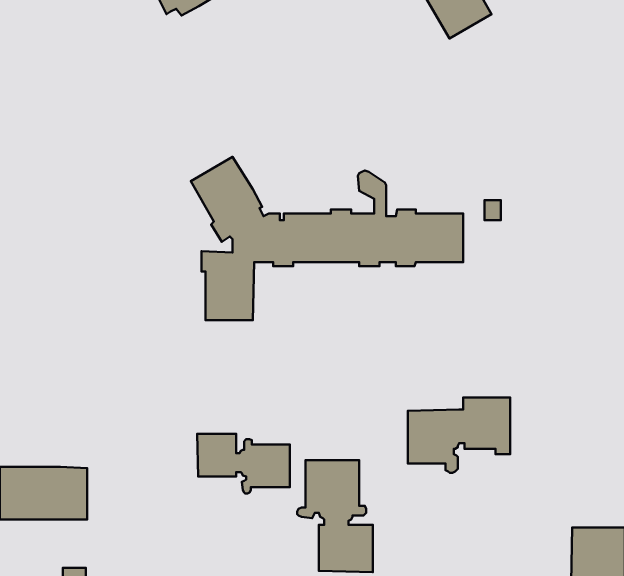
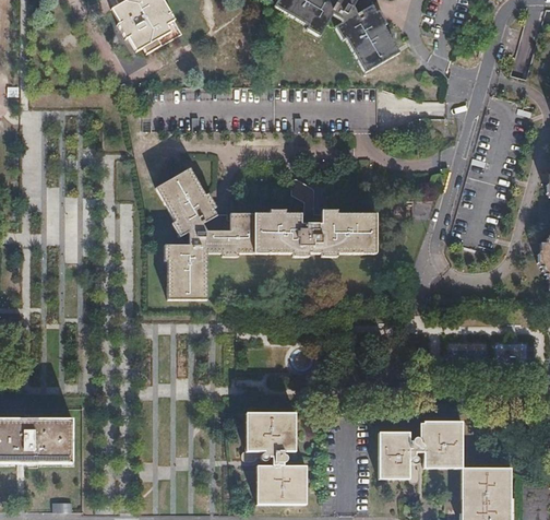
building: [408,397,510,473] -> [379,422,462,483]
building: [197,434,290,493] -> none

